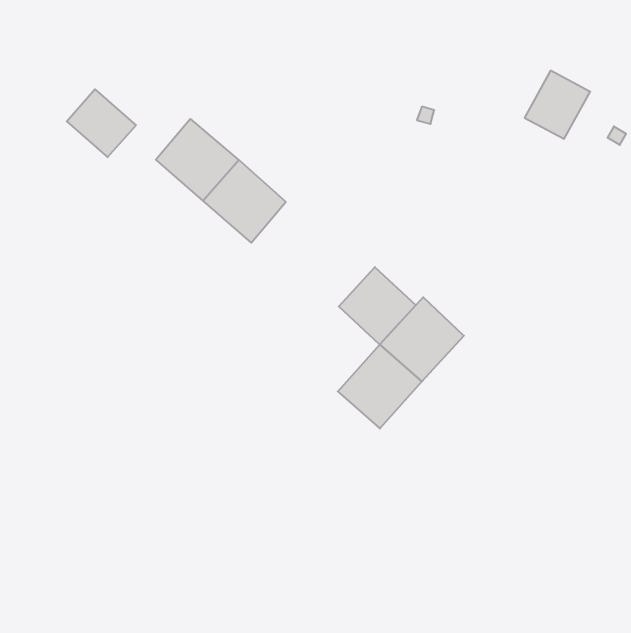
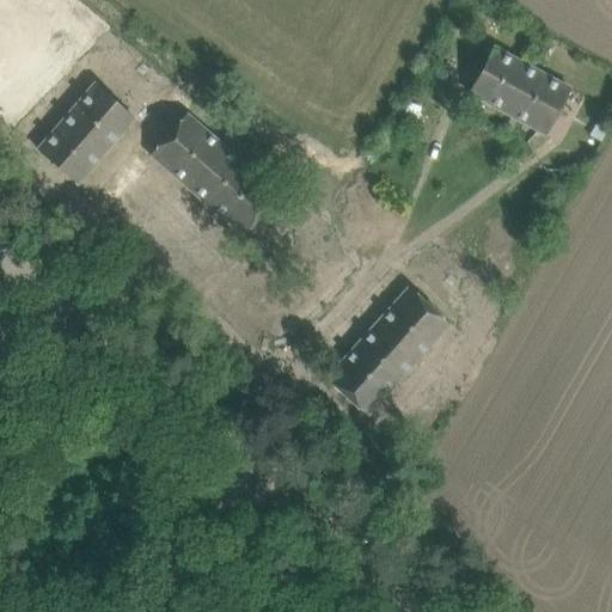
building: none -> [470,47,533,114]
building: none -> [39,117,105,183]
building: [339,267,416,345] -> none

